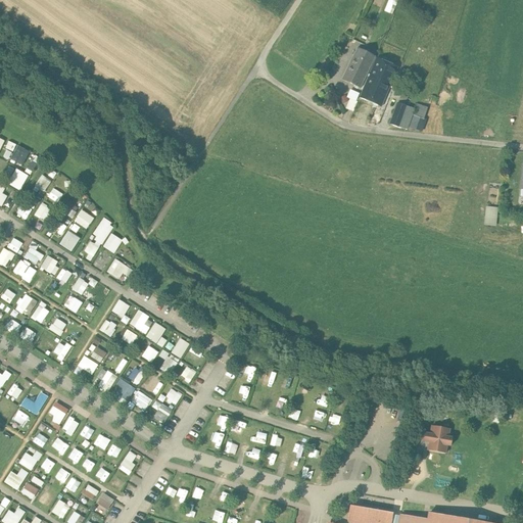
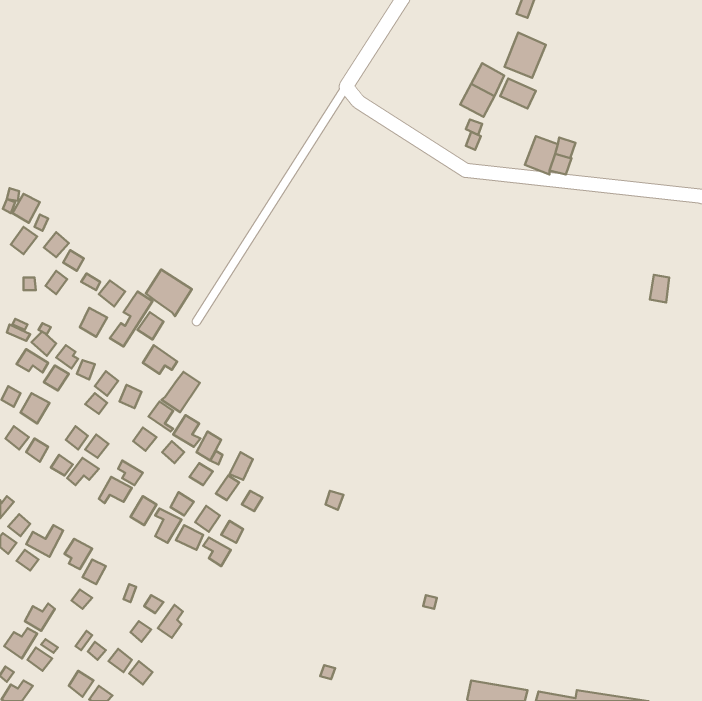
building: [362,72,392,105] -> [505,32,546,78]
building: none -> [146,270,192,316]
building: none -> [162,372,200,412]
building: [421,425,451,453] -> none

